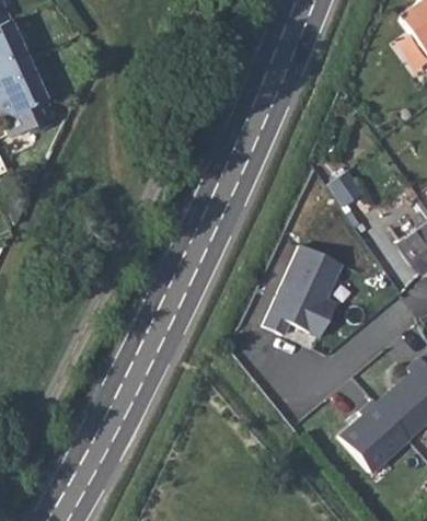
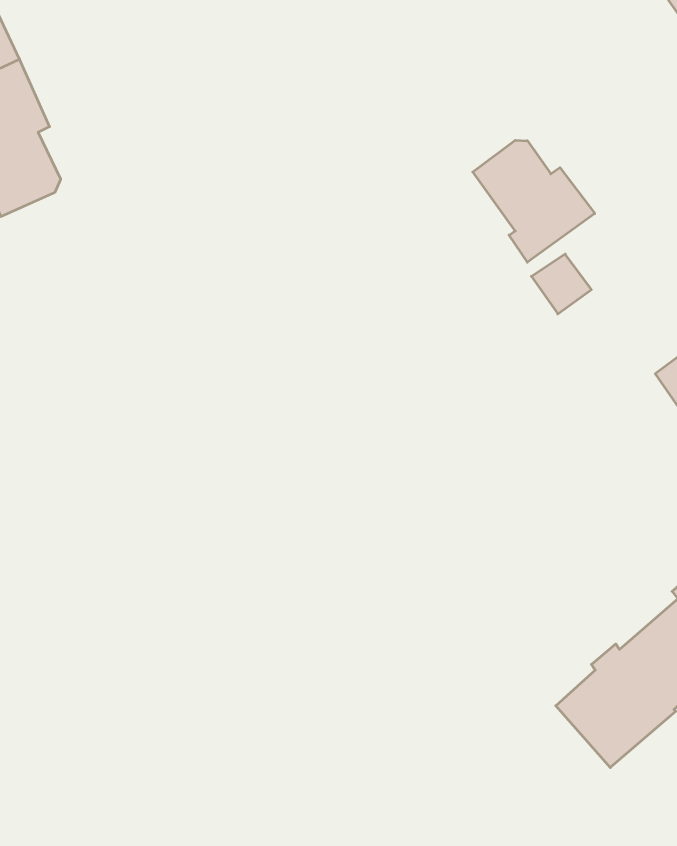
building: none -> [473,140,595,262]
building: [263,245,342,337] -> none

